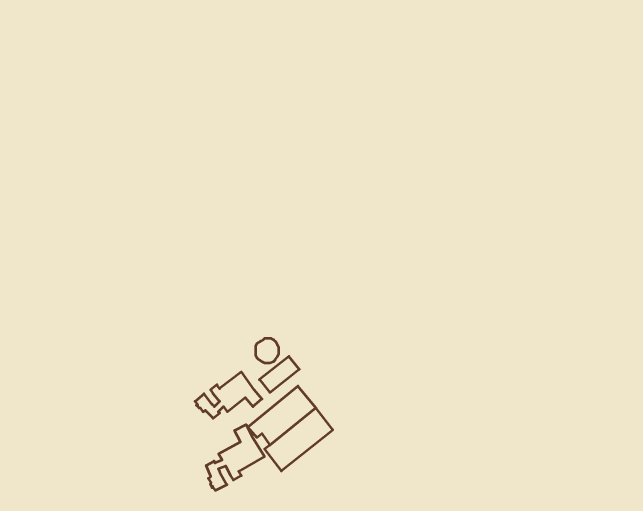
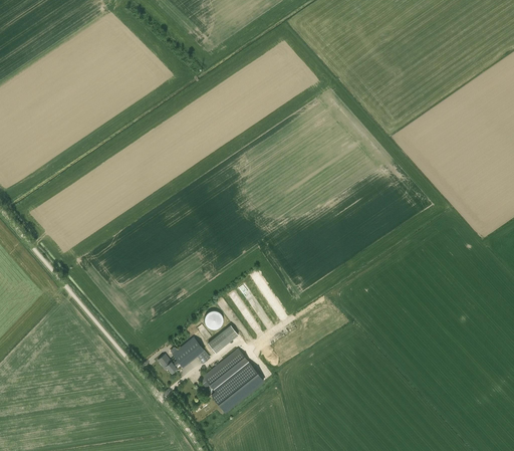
building: [206,425,264,490] -> none

